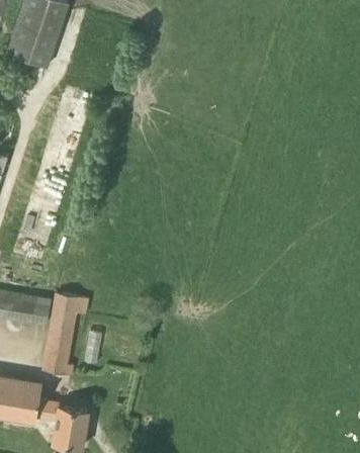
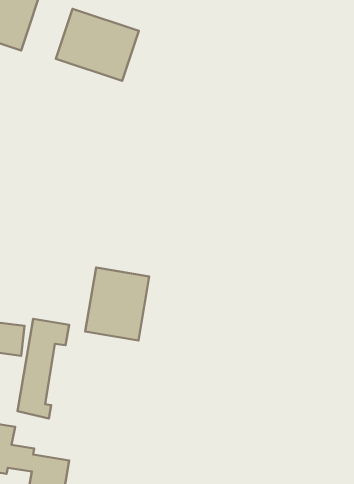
building: none -> [56,9,139,81]
building: none -> [85,267,149,341]

